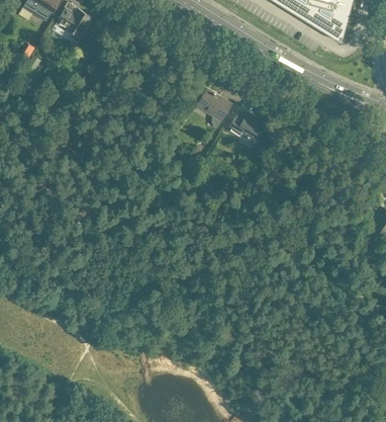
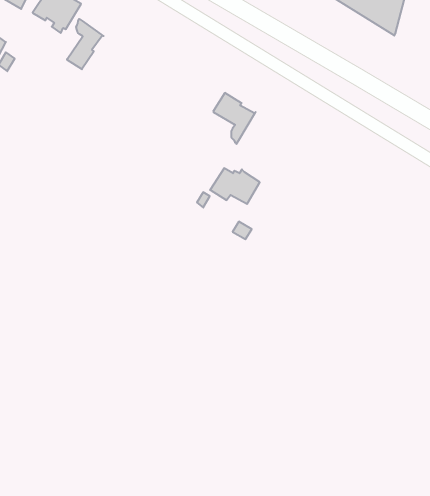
building: none -> [67,19,104,69]
building: [226,112,266,141] -> [210,168,260,204]

